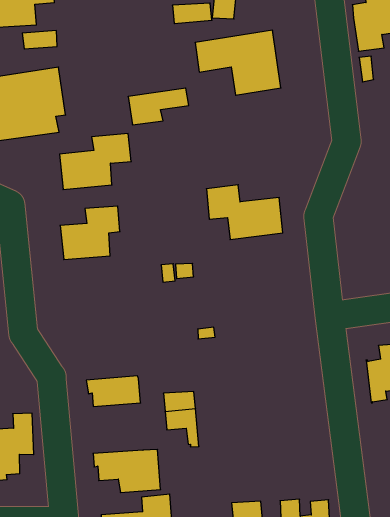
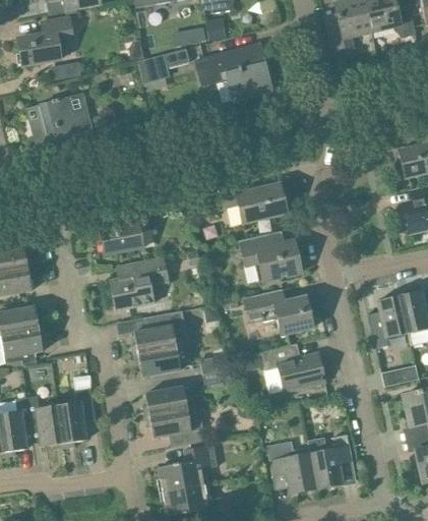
building: [128,88,189,125] -> [137,48,189,83]
building: [60,134,131,190] -> [108,257,169,310]
building: none -> [240,231,300,280]
building: none -> [243,289,313,335]
building: none -> [132,310,187,355]
building: none -> [262,345,325,393]
building: none -> [143,387,187,416]

